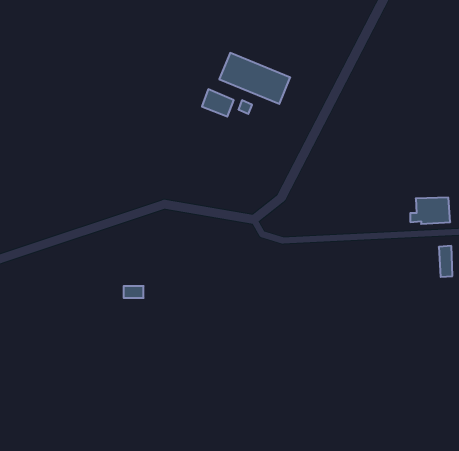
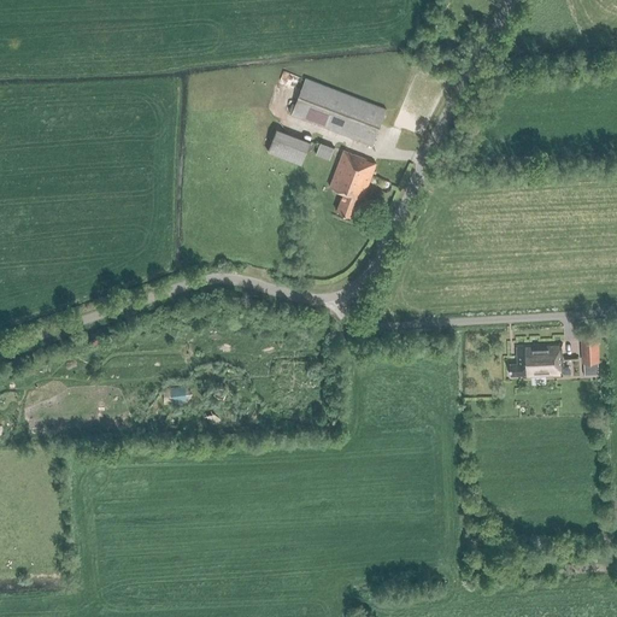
building: none -> [328,151,375,217]
building: [410,198,450,224] -> [510,343,563,378]

